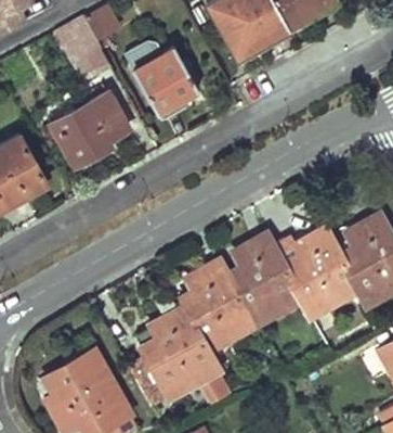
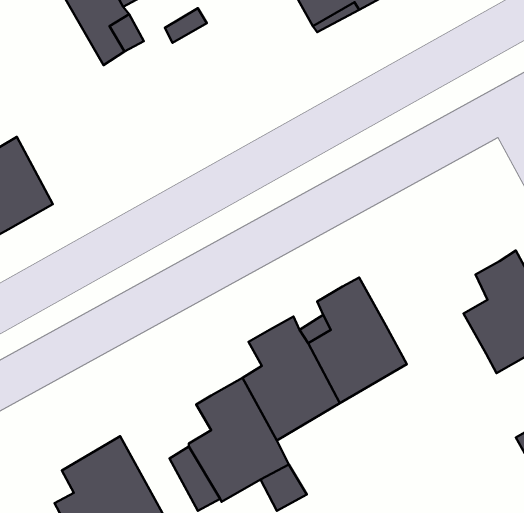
building: [133,44,197,112] -> none
building: [52,91,129,158] -> none
building: [287,228,359,317] -> none

